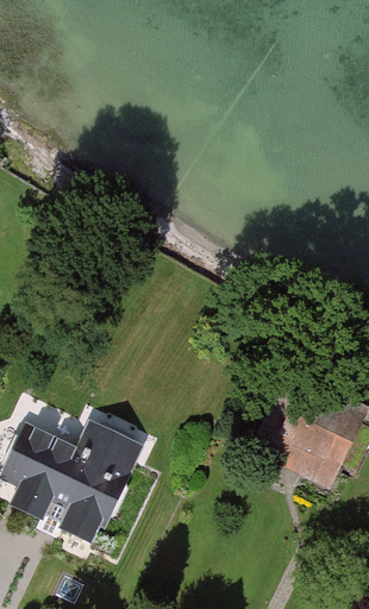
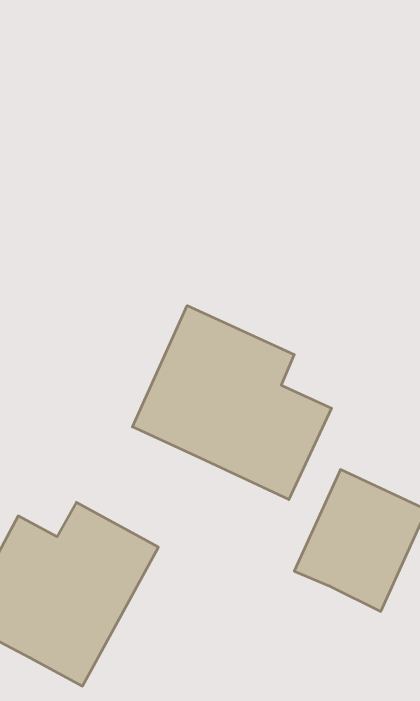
building: none -> [132,306,332,500]

